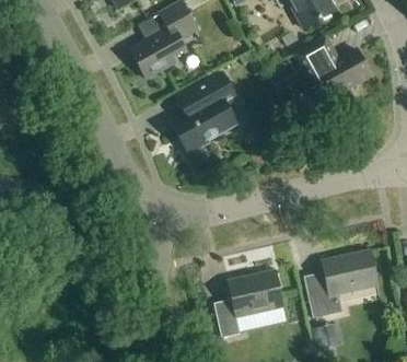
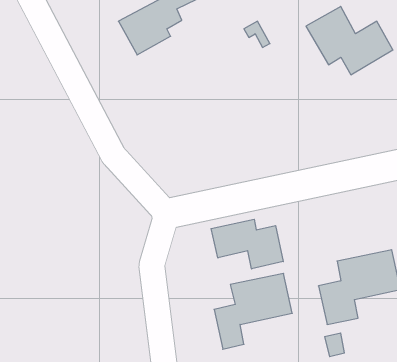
building: [171,70,237,153] -> none
building: none -> [211,219,283,269]

